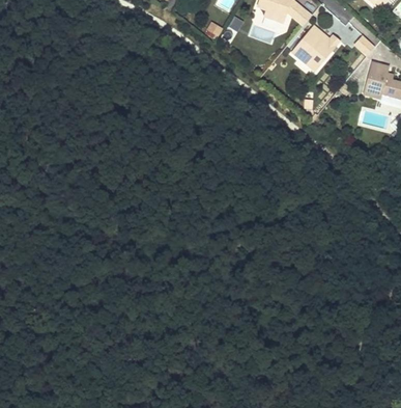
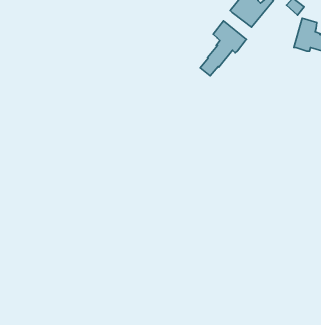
building: none -> [200,21,247,76]

